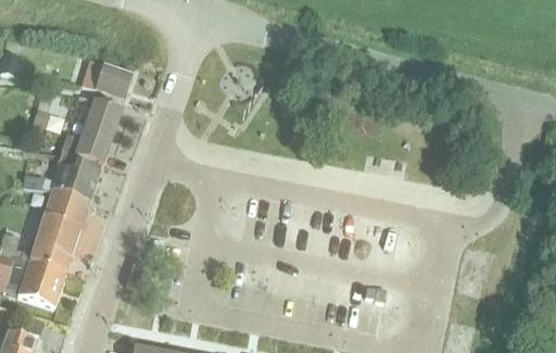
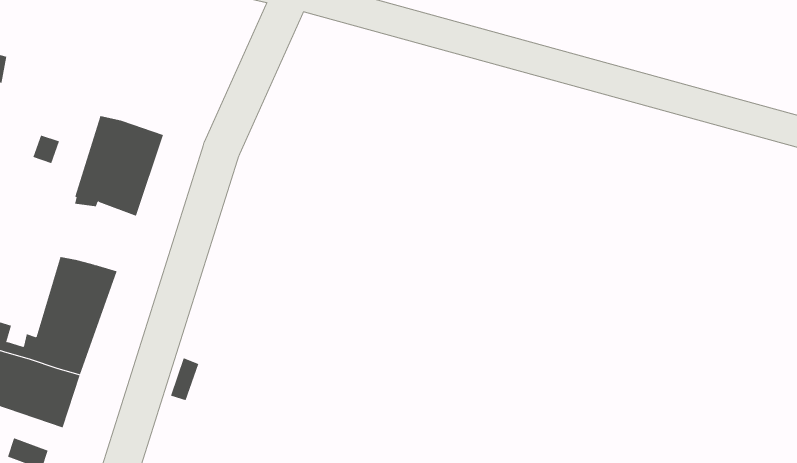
building: [80,60,132,99] -> none
building: [24,154,103,201] -> none

